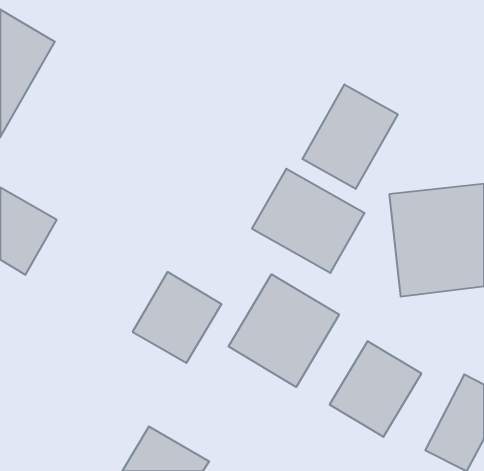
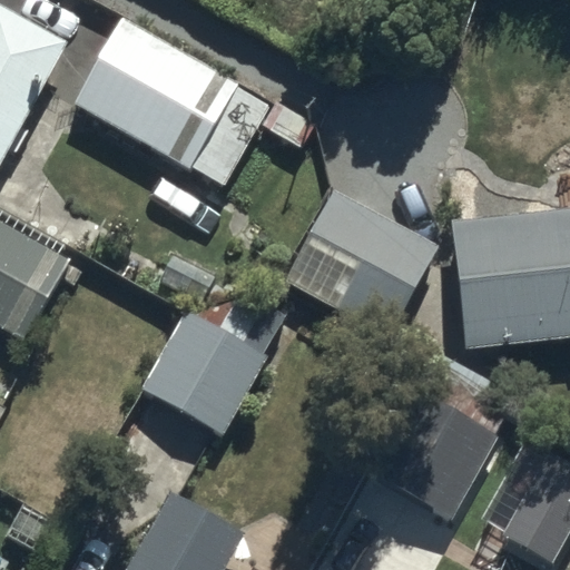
building: none -> [85,23,258,179]
building: [302,84,398,189] -> none
building: [229,274,339,387] -> none

